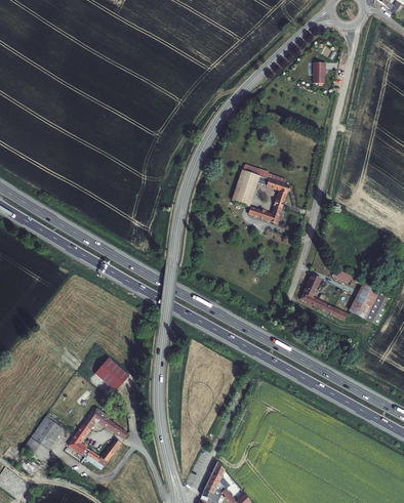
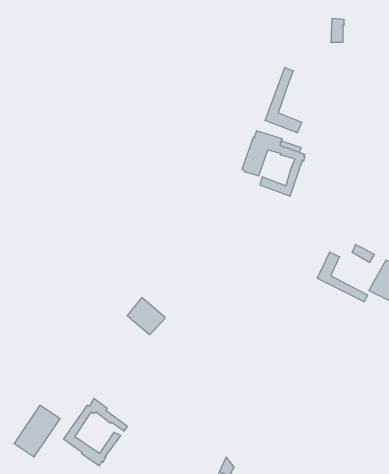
building: none -> [265,68,302,133]
building: [95,358,130,391] -> [127,298,165,335]

